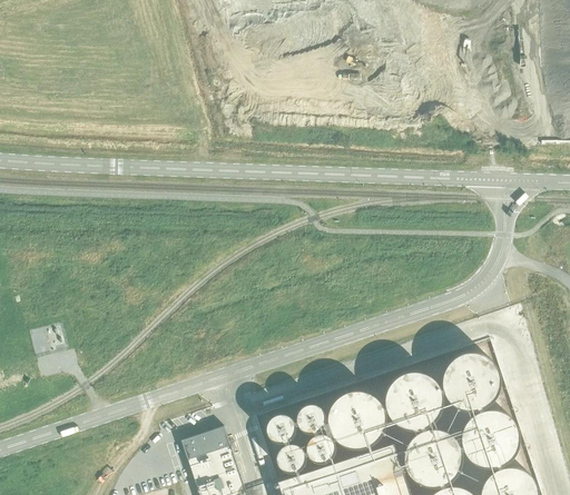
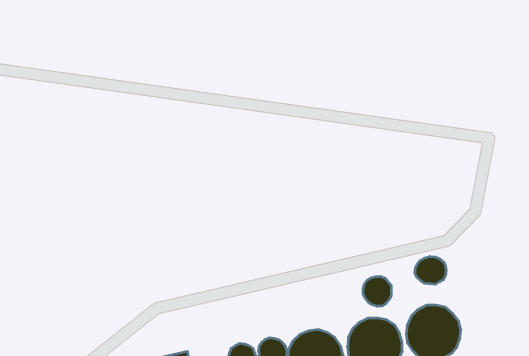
building: none -> [415,256,446,284]
building: none -> [363,276,391,306]

